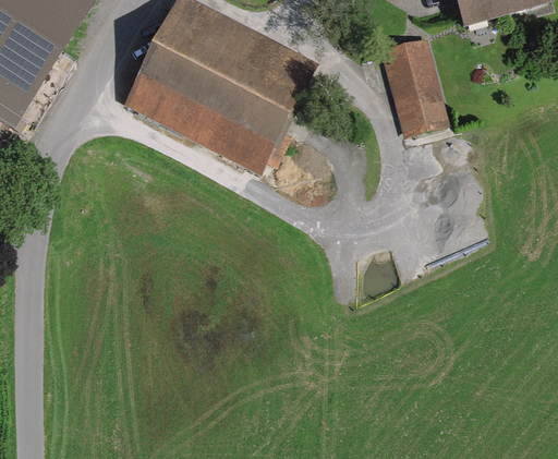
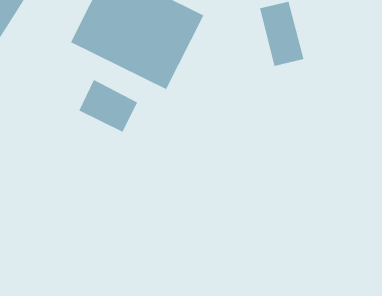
building: none -> [78,79,138,133]

